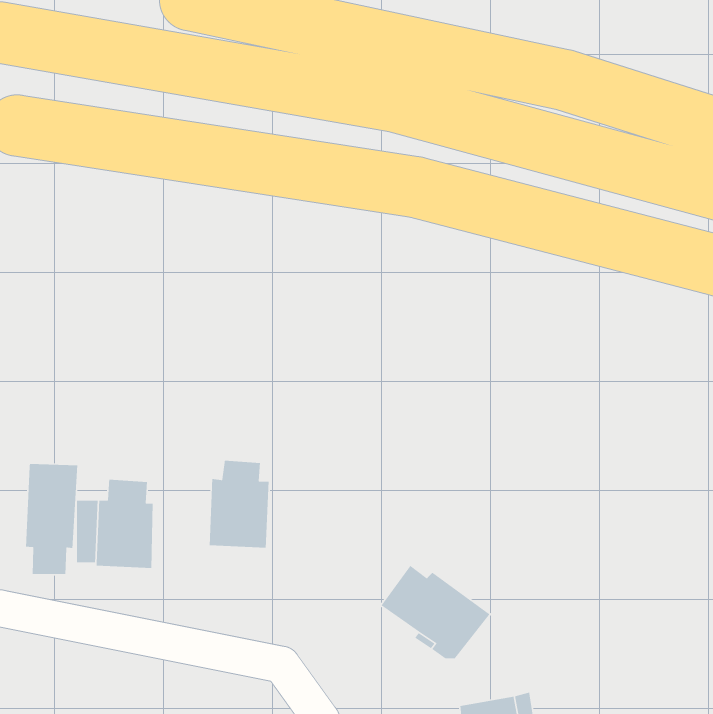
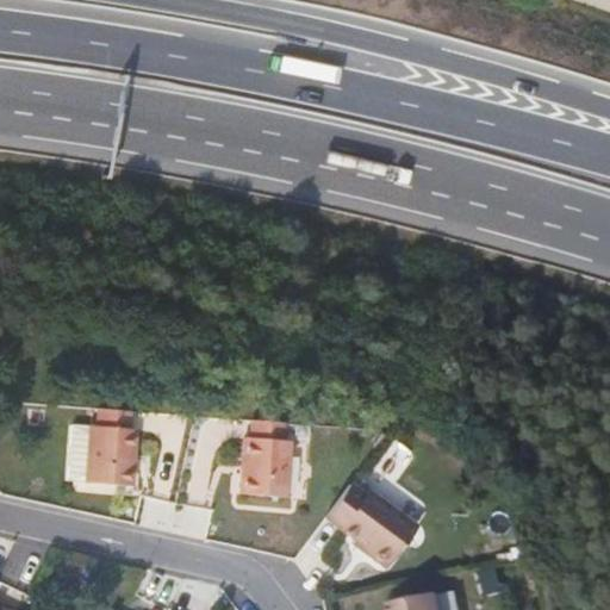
building: [209,460,269,549] -> [242,419,293,494]
building: [25,463,78,575] -> none

